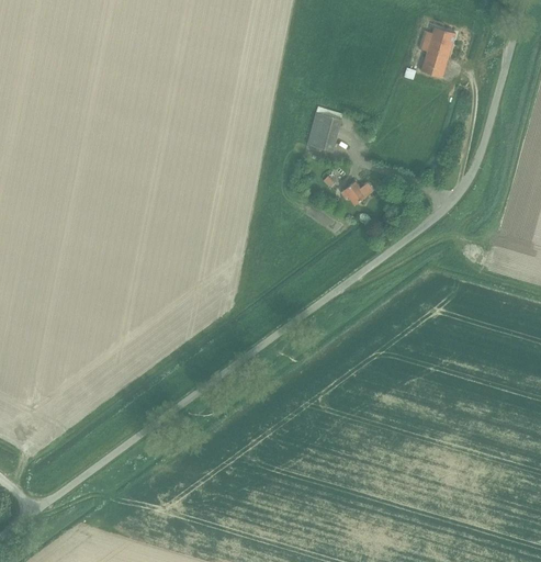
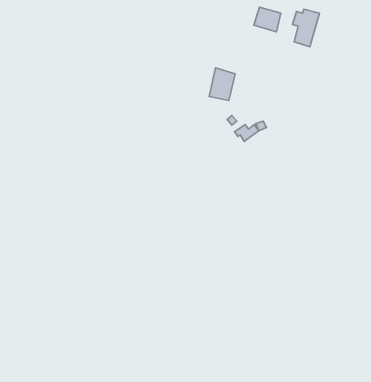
building: none -> [254,7,281,32]

